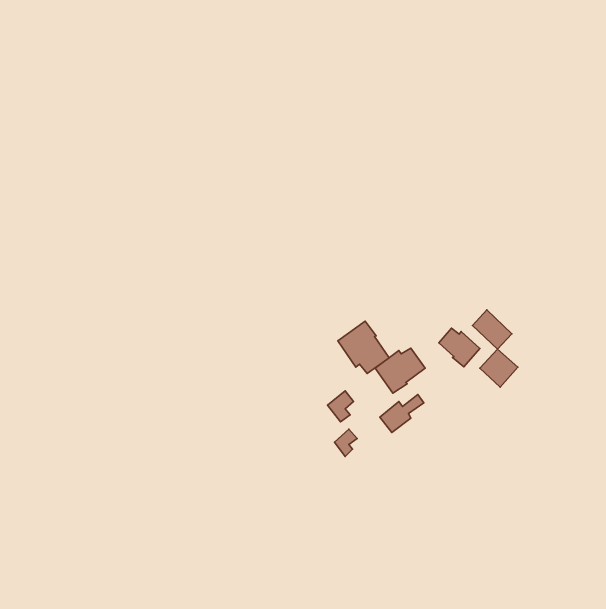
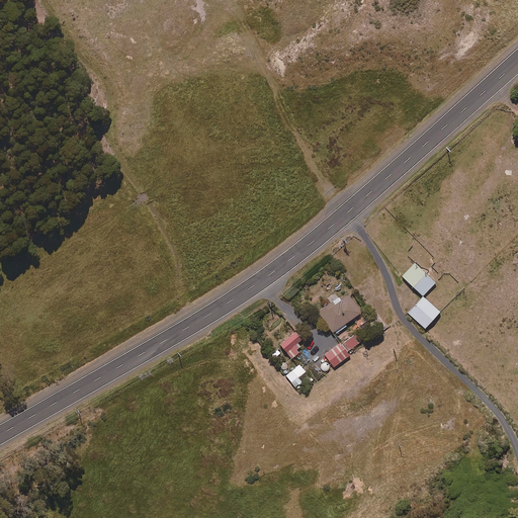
building: [338,321,389,374] -> none
building: [439,328,480,367] -> none

